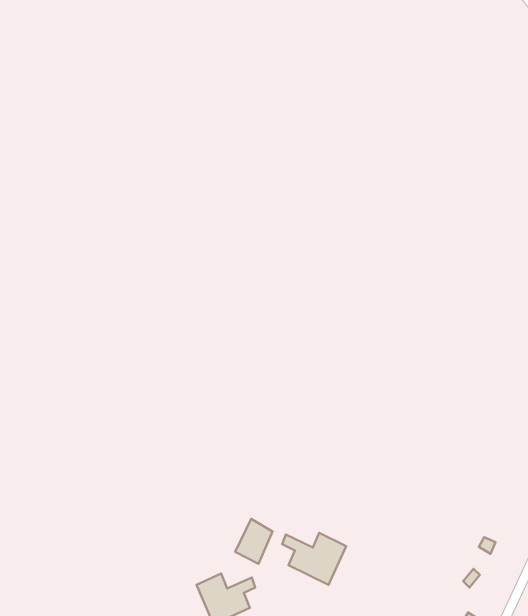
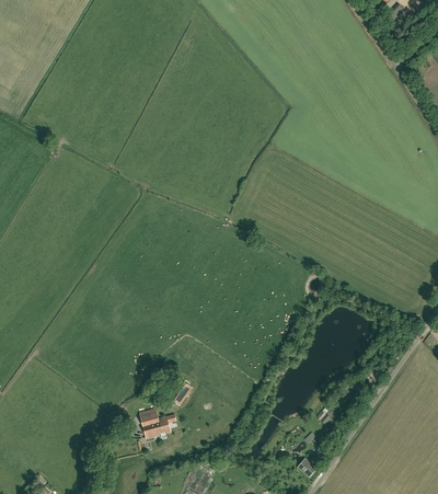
building: [282,533,346,585] -> none

